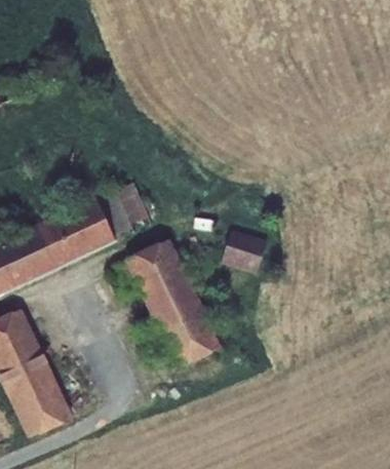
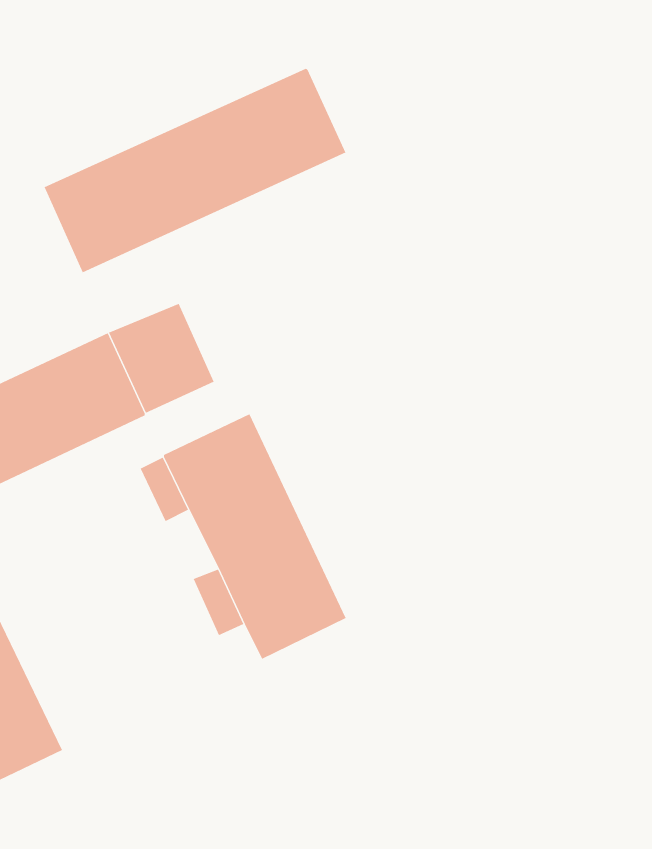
building: none -> [44,68,346,273]
building: [221,228,267,272] -> none

